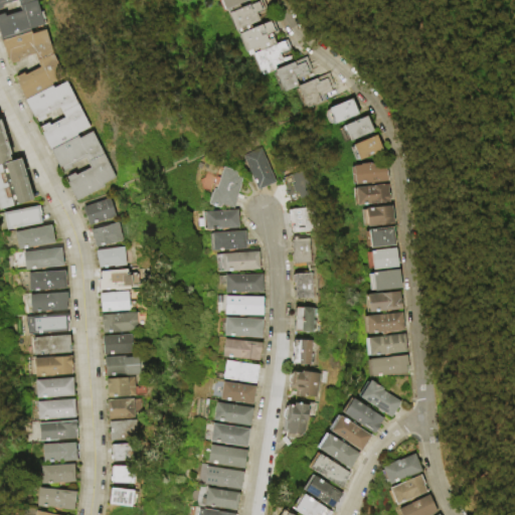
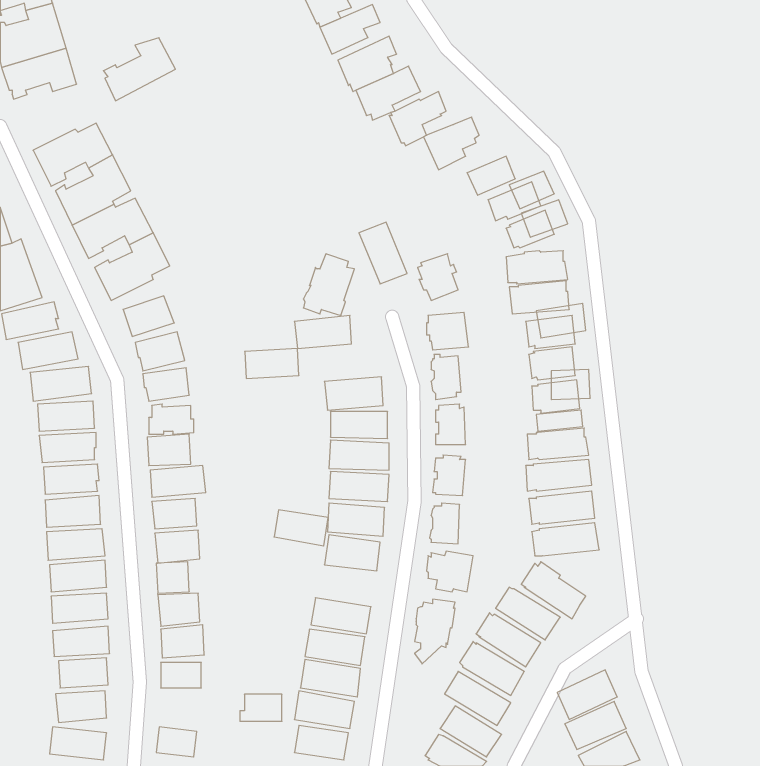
building: [19,56,67,99] -> [103,38,175,101]
building: [211,233,247,253] -> [245,348,299,378]
building: [220,379,256,403] -> [274,510,328,546]
building: [111,465,139,483] -> [240,694,282,721]

